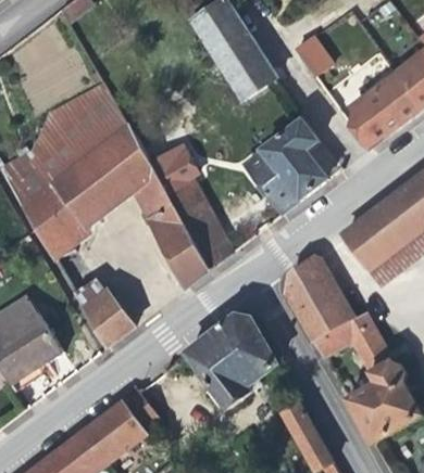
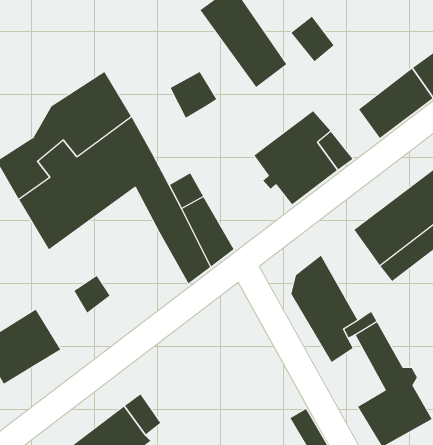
building: [150,144,196,190] -> [170,71,217,118]
building: [86,294,133,345] -> none
building: [185,318,275,408] -> none

